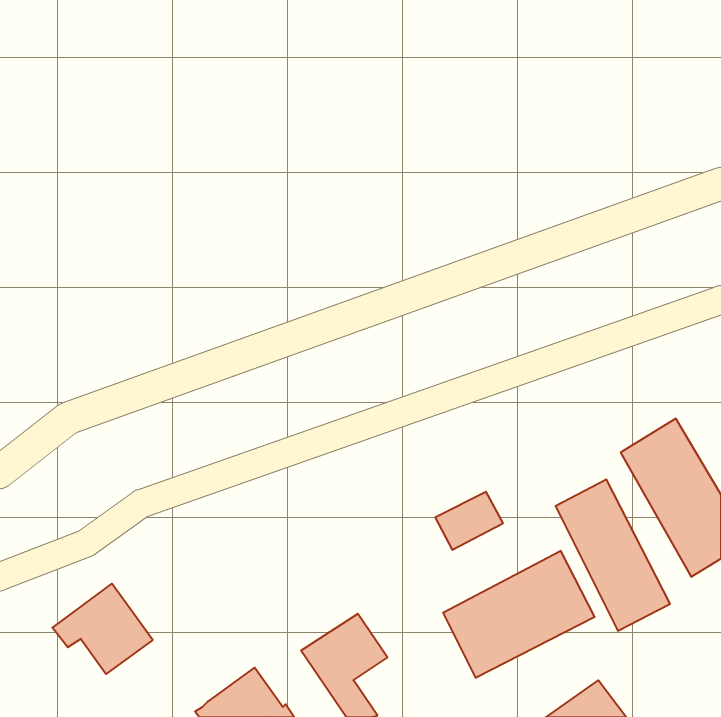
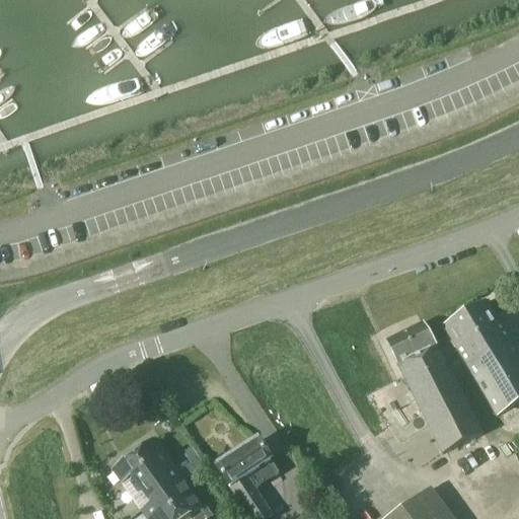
building: [435,492,503,550] -> [386,321,435,363]
building: [443,551,594,678] -> none
building: [52,584,153,674] -> [110,438,182,503]

